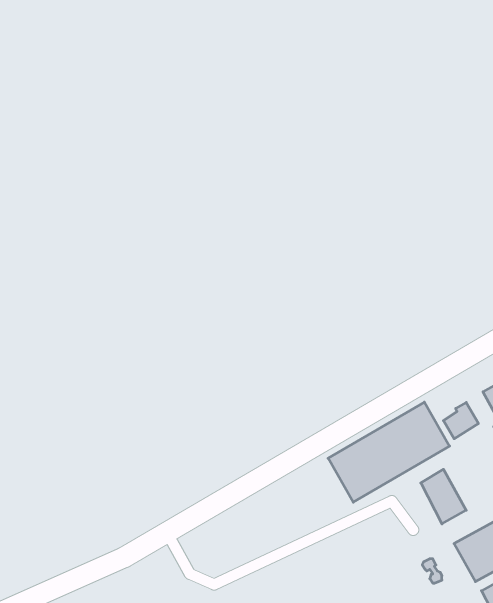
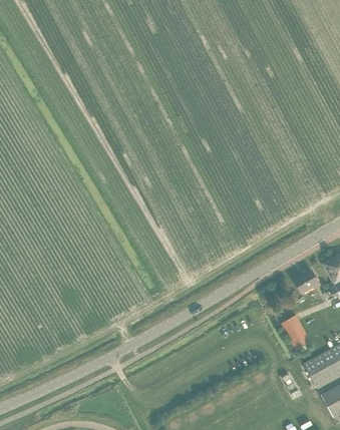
building: [328,402,450,502] -> none

